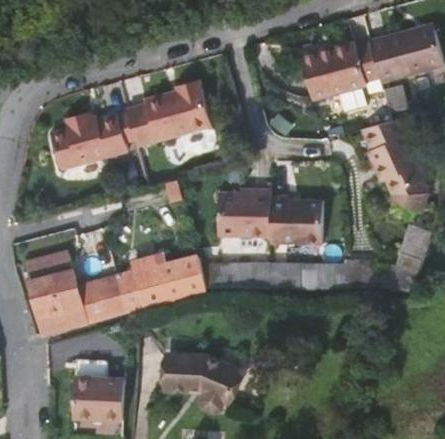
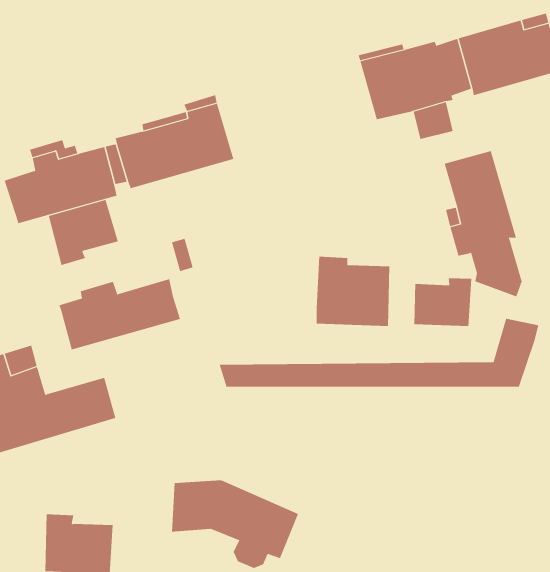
building: none -> [48,199,119,266]
building: [215,189,271,235] -> none
building: none -> [414,277,472,327]
building: [118,257,205,308] -> [59,278,181,350]

